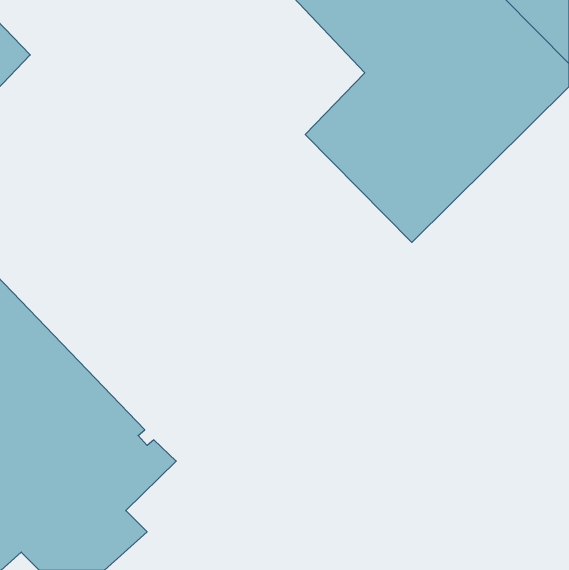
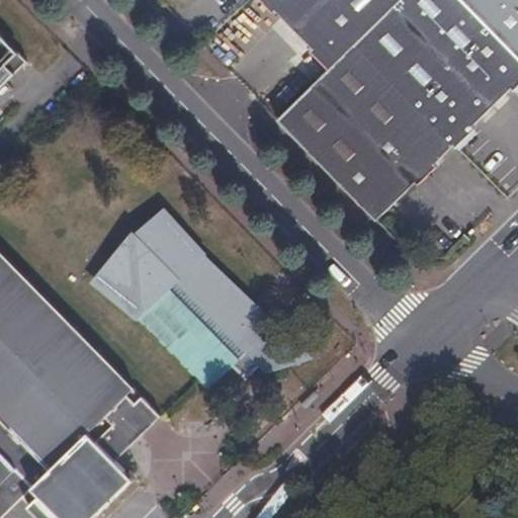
building: none -> [101,217,313,396]

